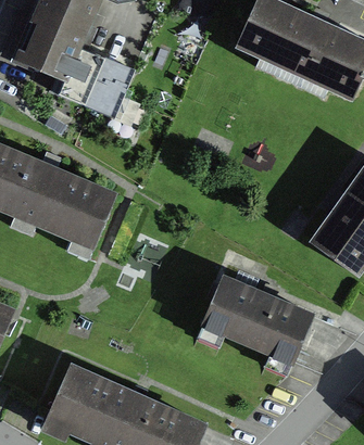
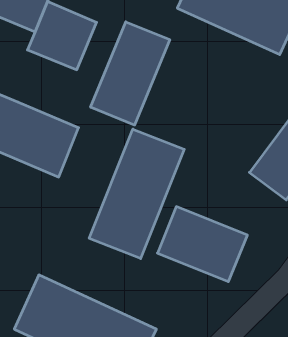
building: none -> [91,22,170,125]
building: none -> [89,129,184,259]

